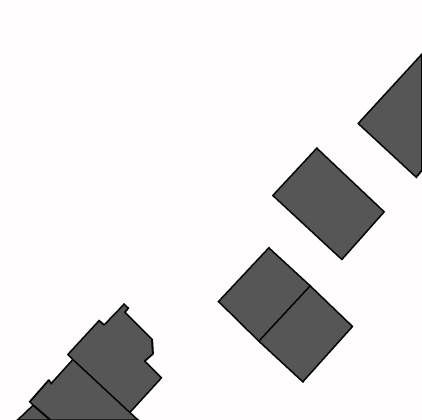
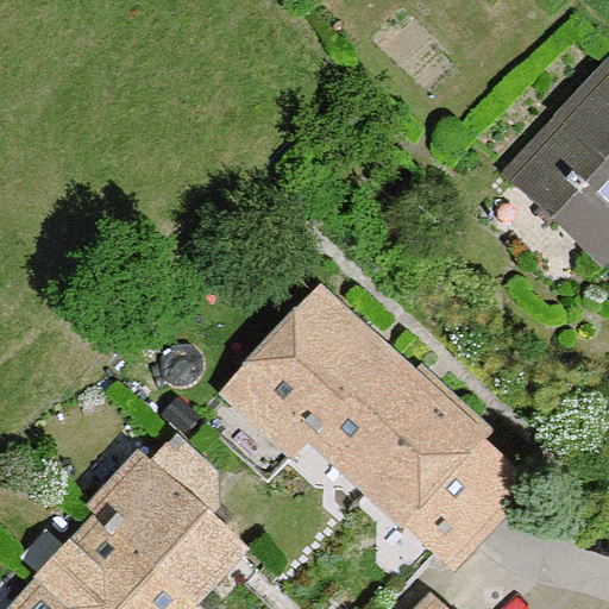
building: [273,148,384,259] -> none
building: none -> [244,309,387,451]

